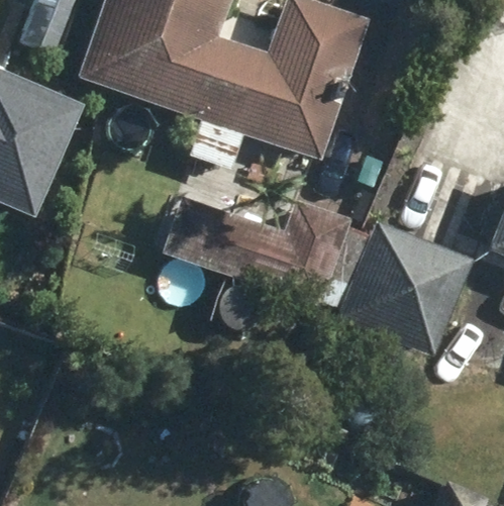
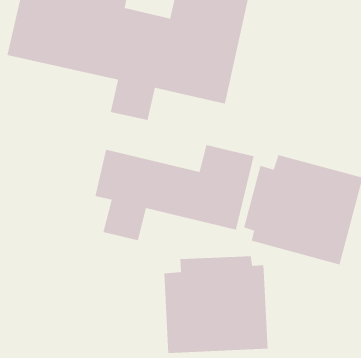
building: none -> [163,255,269,354]

